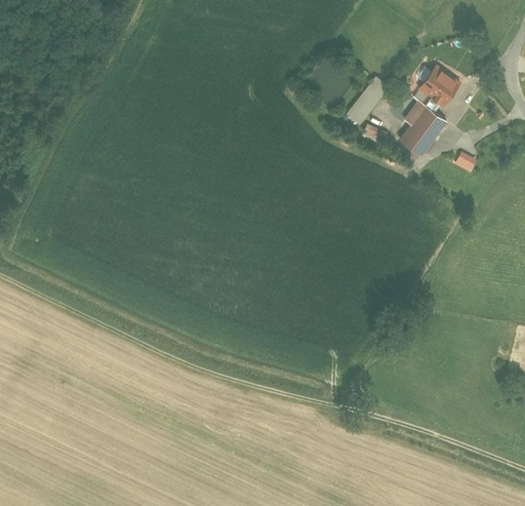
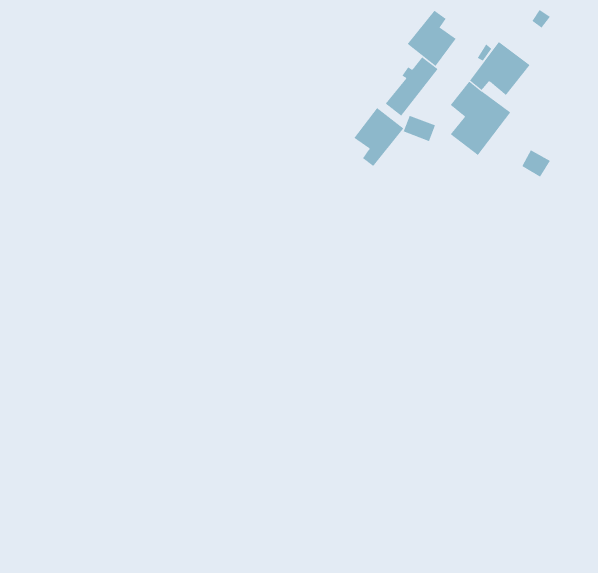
building: none -> [407,10,456,67]
building: none -> [354,107,404,167]

